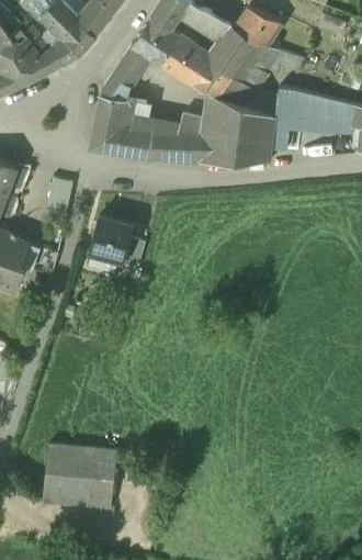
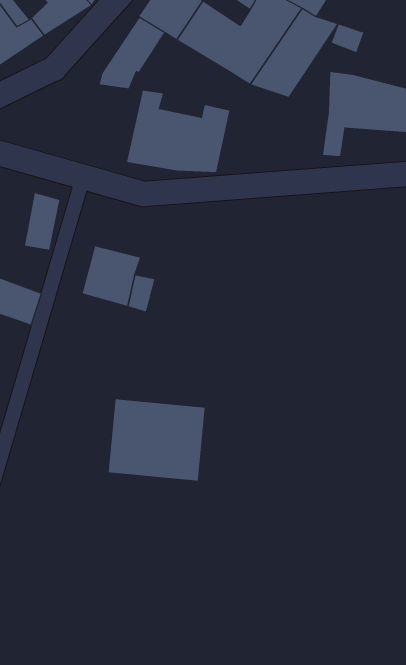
building: [191,88,275,163] -> none
building: [89,96,134,155] -> none
building: [42,444,116,506] -> [108,399,206,481]

